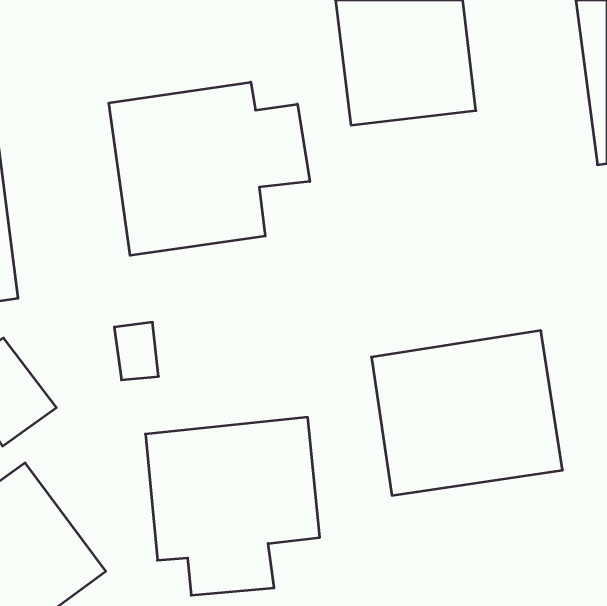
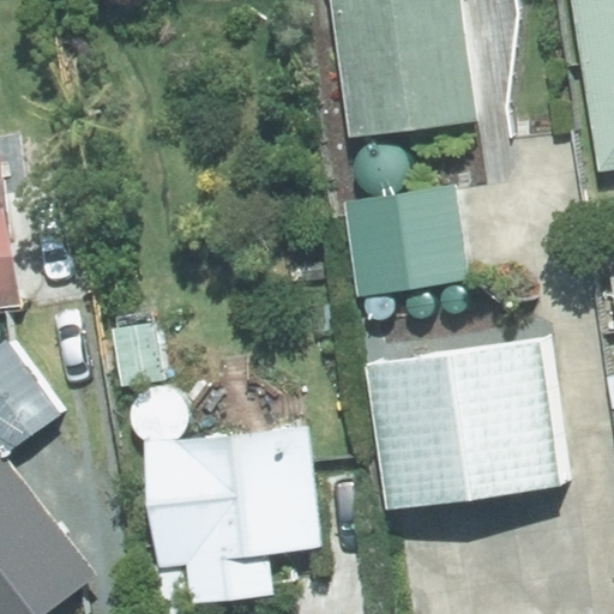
building: [109,82,310,255] -> none
building: none -> [345,188,466,295]

